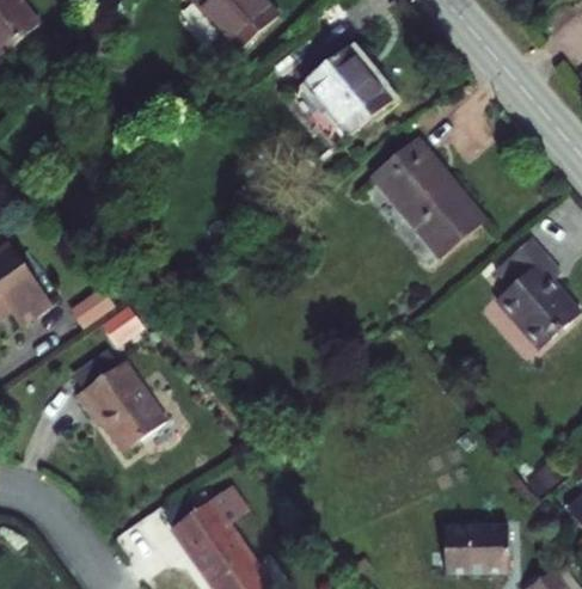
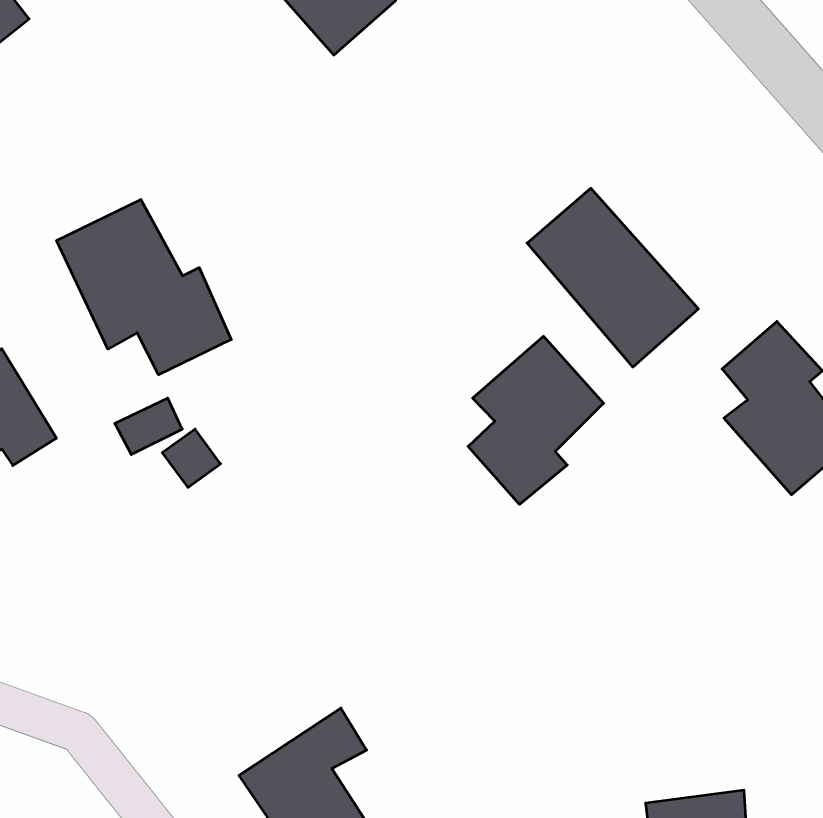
building: [295,42,385,134] -> none
building: none -> [57,199,231,375]
building: none -> [468,336,604,504]
building: [66,355,153,441] -> none

